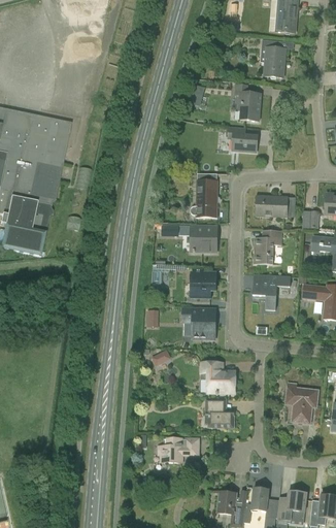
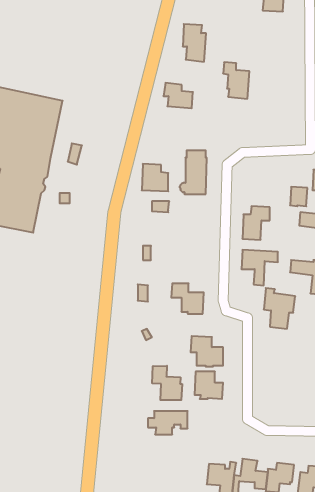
building: [261,38,284,76] -> [183,24,206,62]
building: [227,125,257,151] -> [163,83,193,108]
building: [255,194,296,217] -> none
building: [190,224,216,252] -> [142,164,168,191]
building: [190,271,215,297] -> none
building: [285,381,317,422] -> [264,288,295,329]
building: none -> [152,366,182,400]

